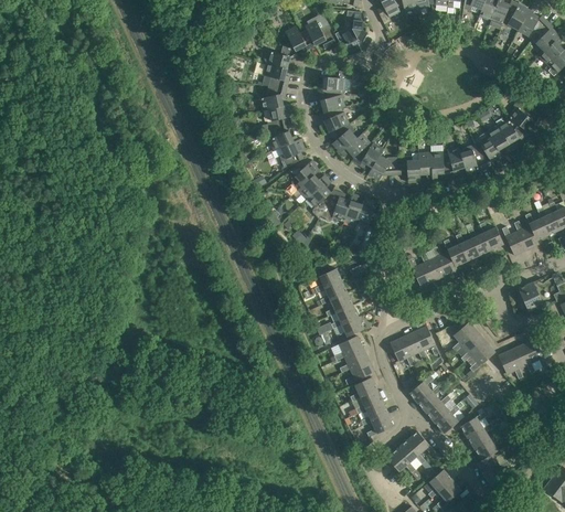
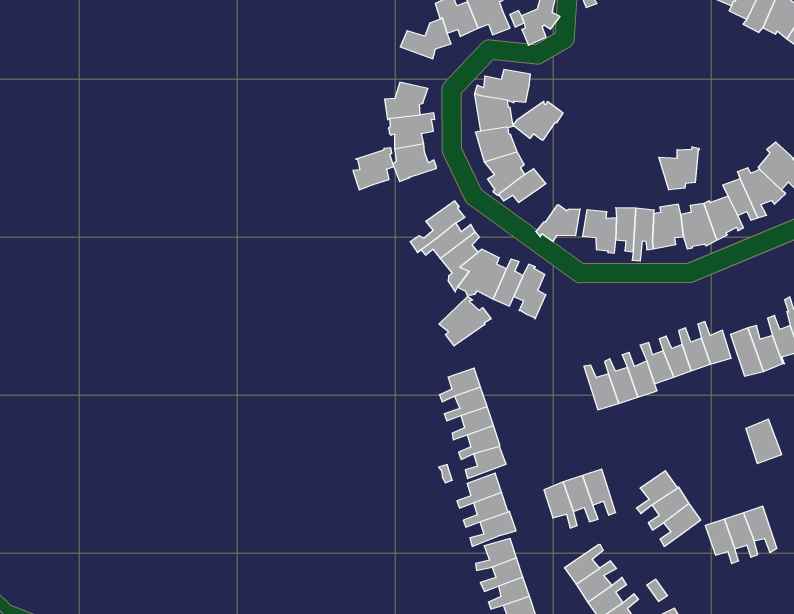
building: [264,63,290,88] -> none
building: none -> [659,147,700,190]
building: [279,138,306,168] -> [353,148,394,190]
building: [352,142,384,168] -> [513,101,563,140]
building: none -> [439,296,491,346]

